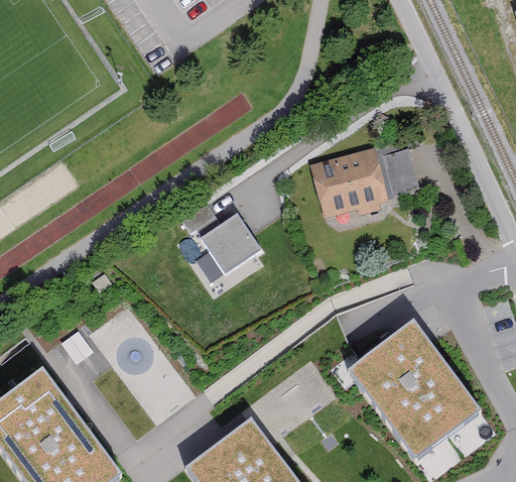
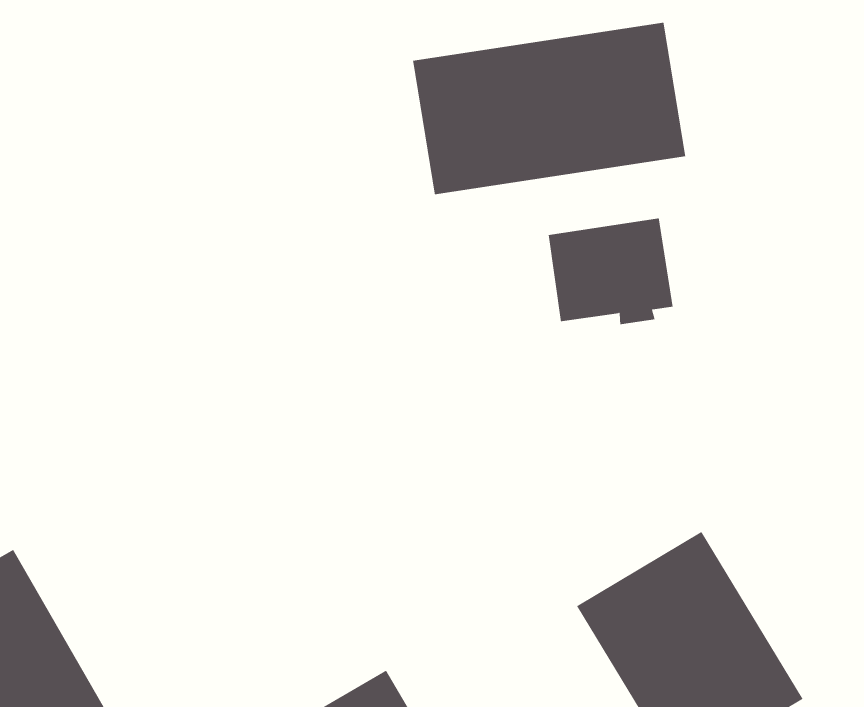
building: none -> [412,22,686,195]
building: [201,217,257,272] -> none

